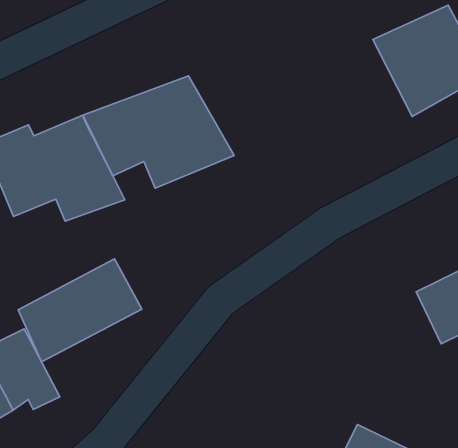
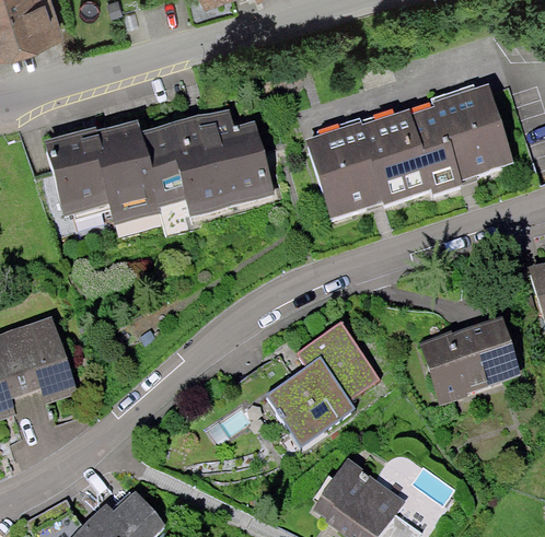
building: none -> [312,106,442,217]
building: [18,259,142,362] -> none
building: none -> [264,325,379,444]

